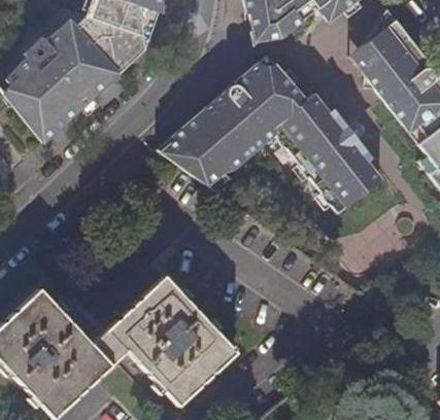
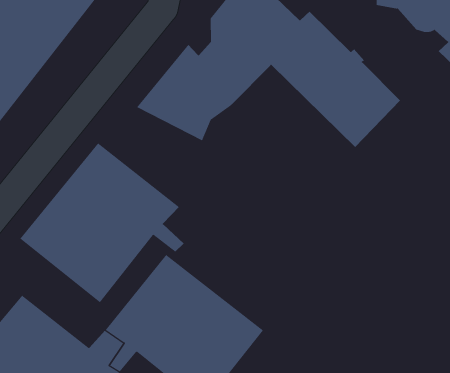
building: none -> [20,142,185,303]

